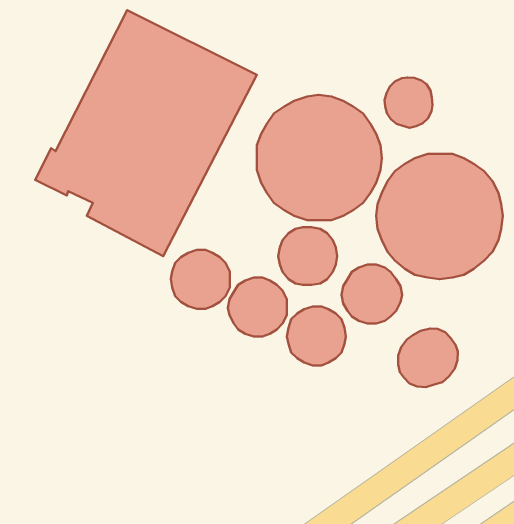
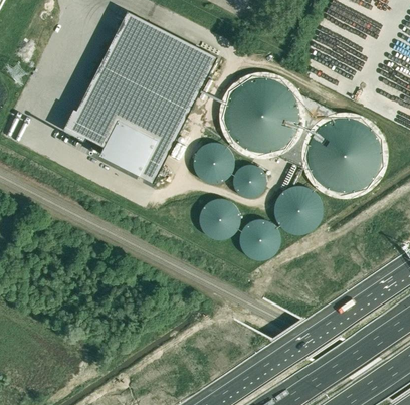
building: [385,78,432,128] -> none
building: [171,250,230,309] -> [193,143,234,184]
building: [398,329,458,387] -> none

